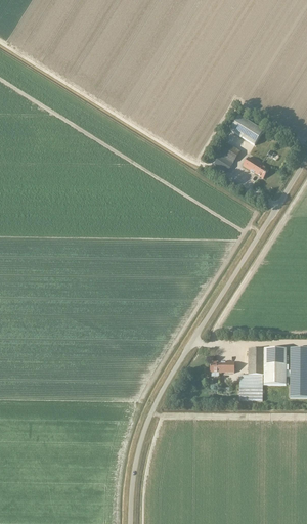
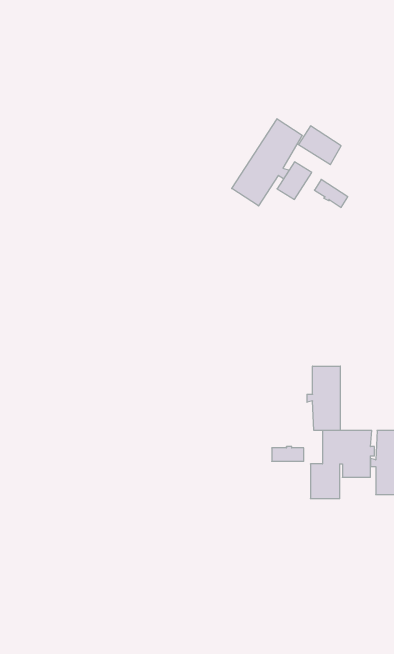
building: none -> [232,119,302,206]
building: none -> [307,366,340,430]

